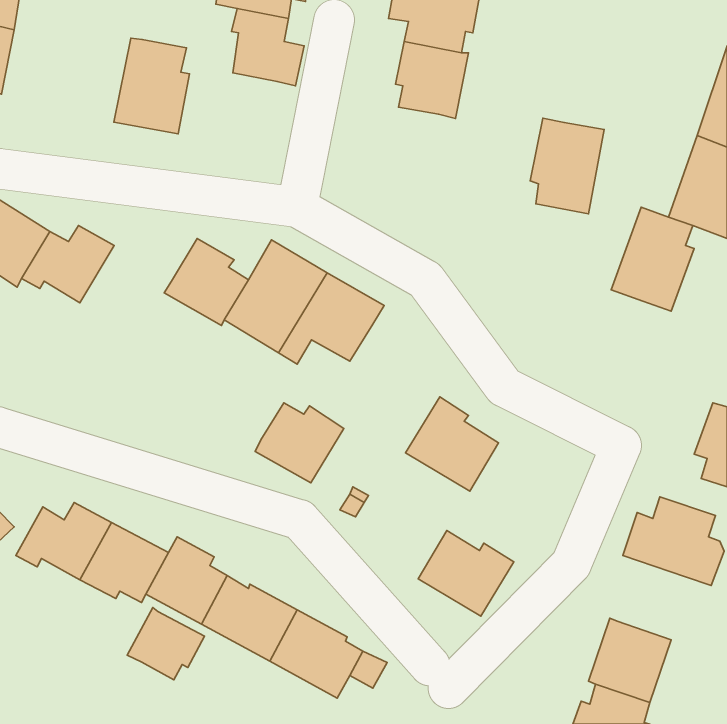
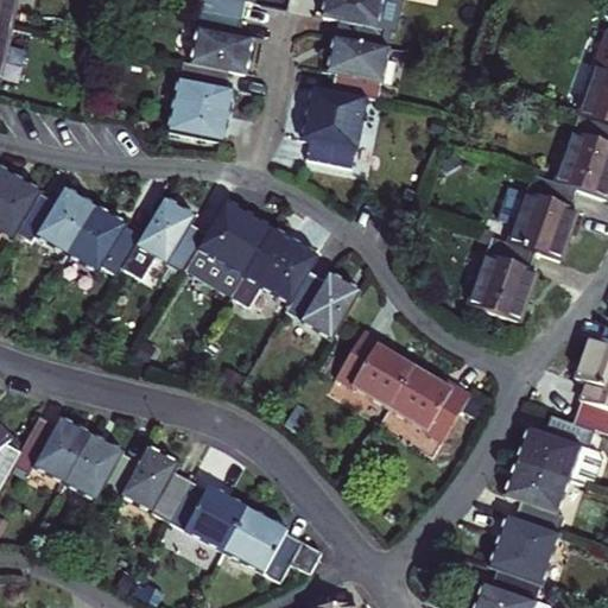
building: [114,38,189,134] -> [170,59,233,139]
building: [530,118,604,214] -> [303,86,365,165]
building: none -> [66,204,142,273]
building: none -> [469,236,536,321]
building: [255,403,344,483] -> [286,270,360,336]
building: [418,530,514,616] -> [391,368,470,439]
building: none -> [507,462,570,532]
building: [127,607,205,680] -> none

